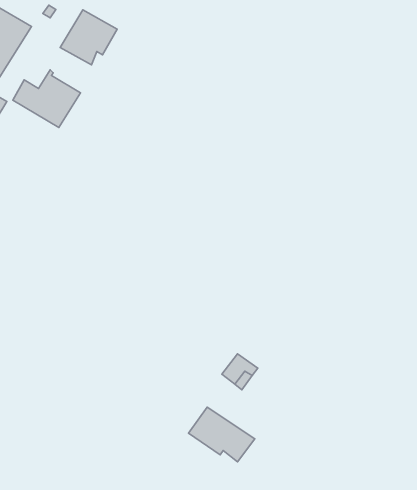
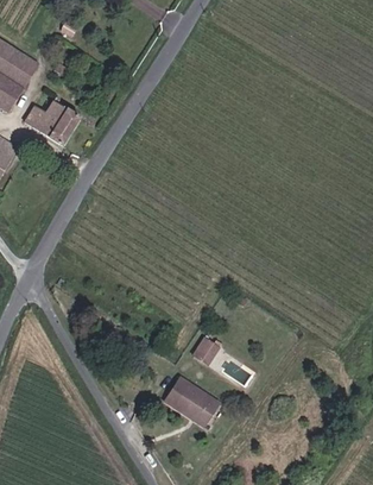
building: [60,10,117,65] -> none

